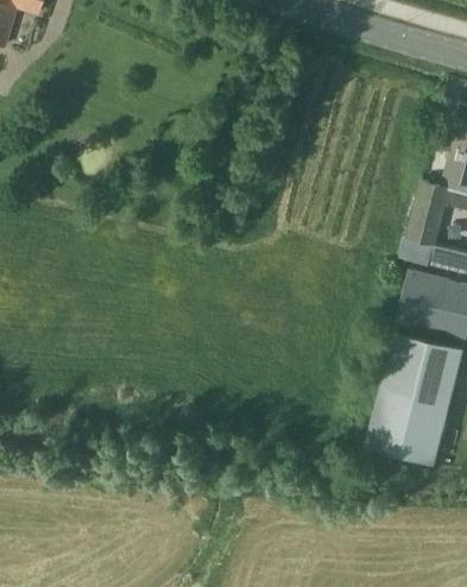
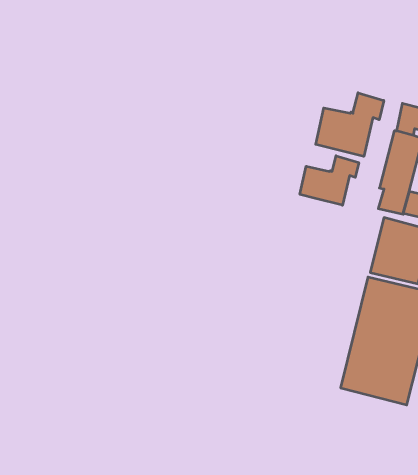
building: none -> [316,93,384,156]
building: none -> [300,156,359,205]

